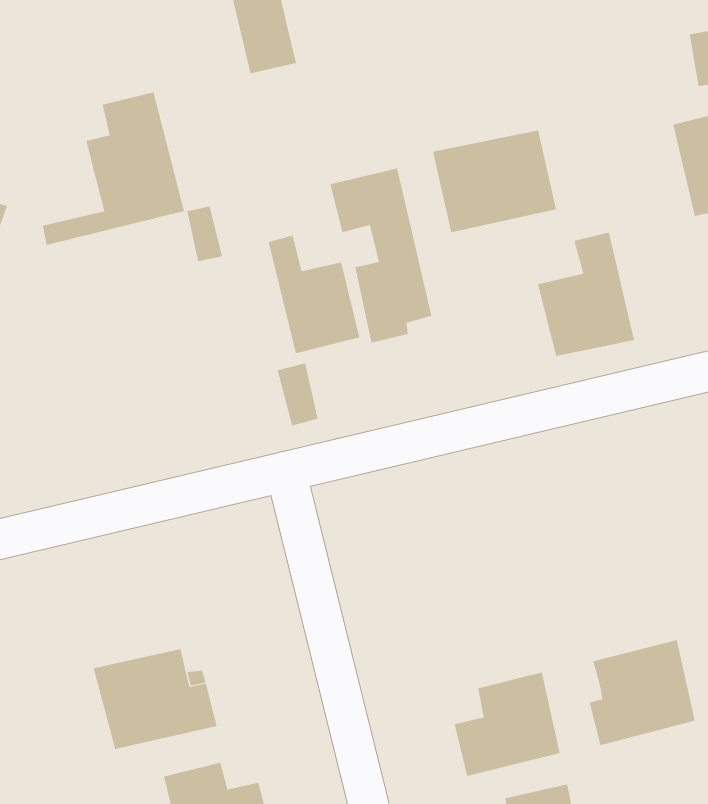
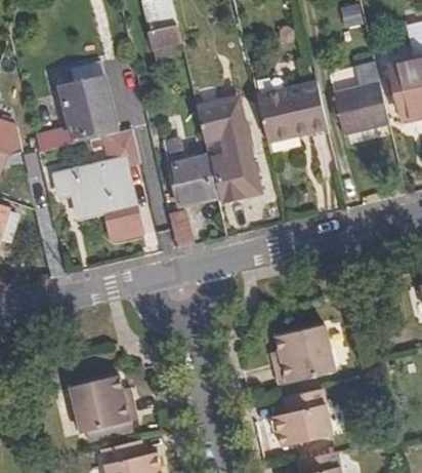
building: [537,232,635,356] -> [335,63,390,133]
building: none -> [55,159,142,238]
building: [589,639,695,746] -> [273,325,334,386]

